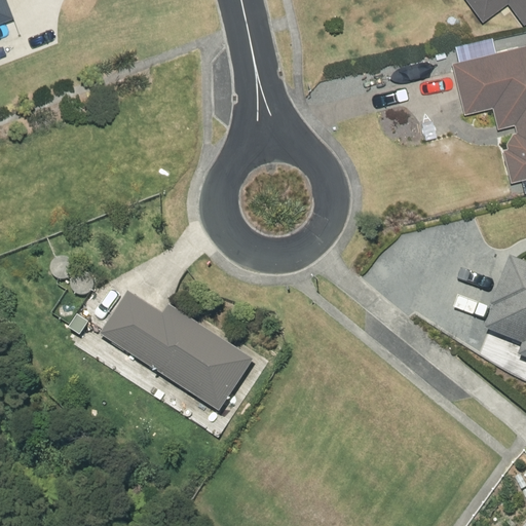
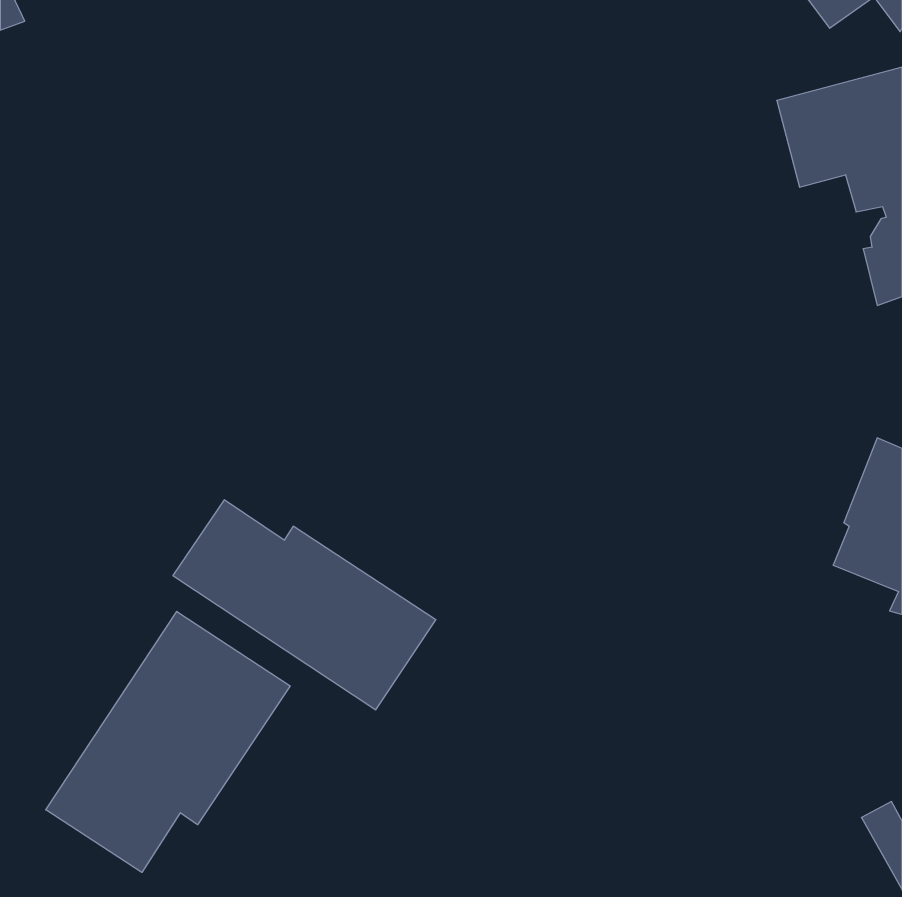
building: none -> [46,611,290,872]

